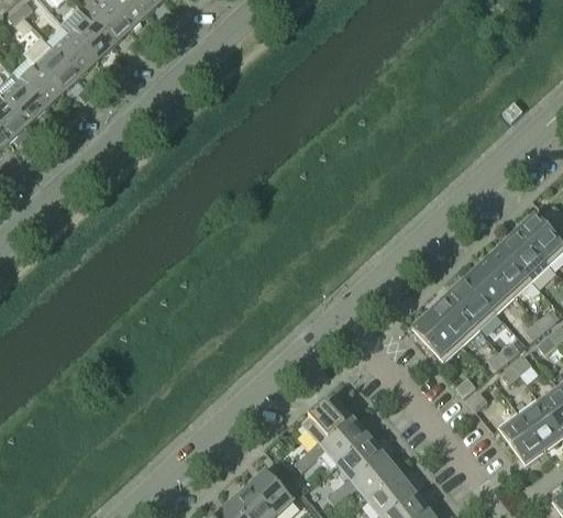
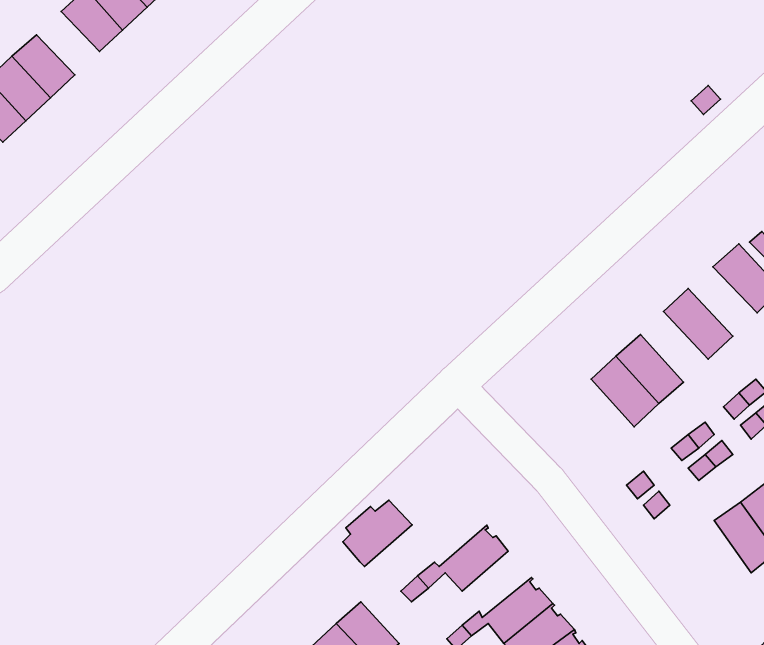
building: [33,48,78,93] -> none
building: [499,231,549,280] -> none
building: [465,263,514,313] -> none
building: [412,311,461,362] -> none
building: [306,398,355,445] -> [343,500,412,566]
building: [497,412,544,464] -> none
building: [338,434,387,482] -> none

